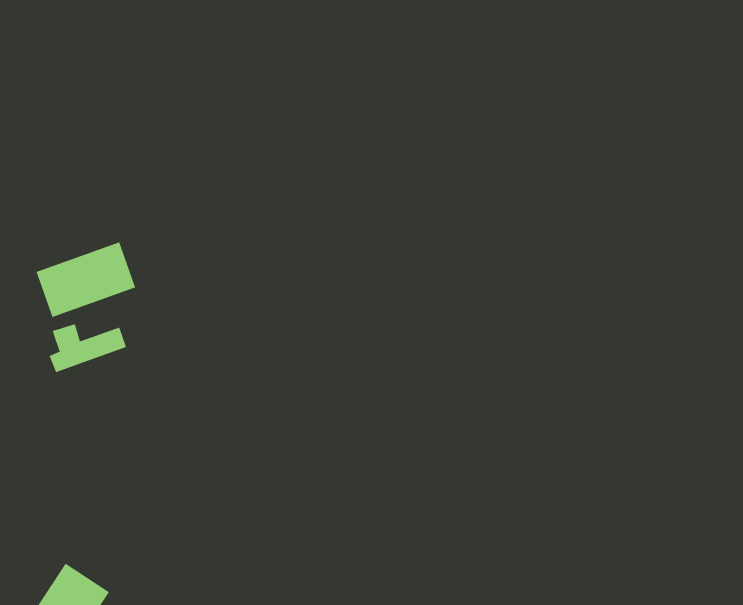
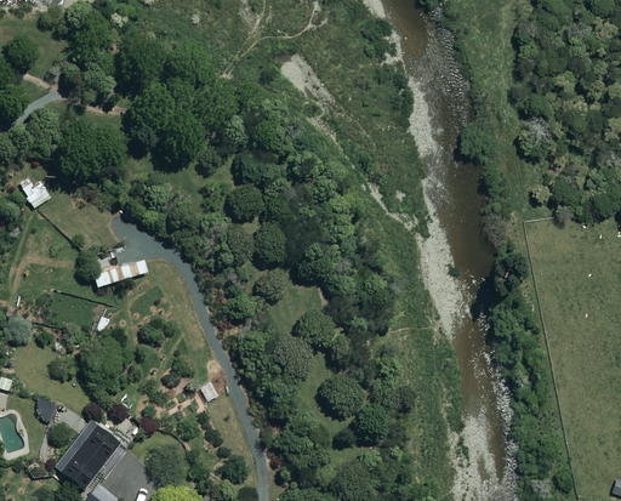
building: [36,241,136,318] -> none

